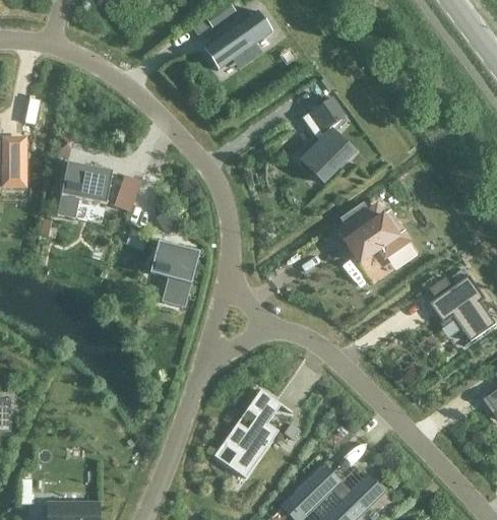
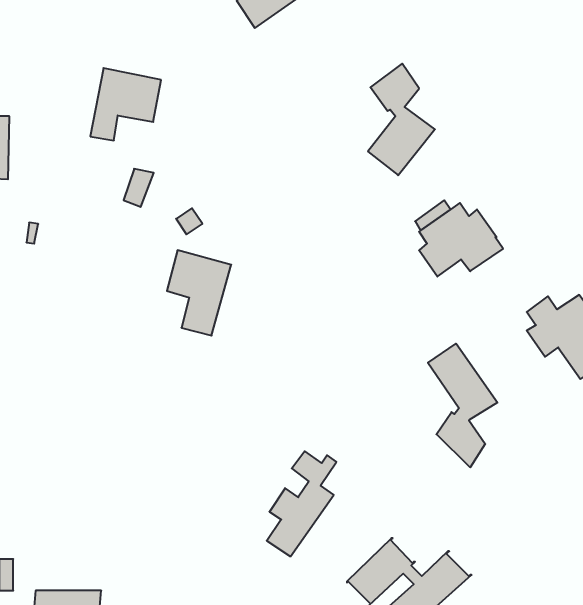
building: [56,162,111,218] -> [90,68,161,140]
building: none -> [428,344,497,467]

